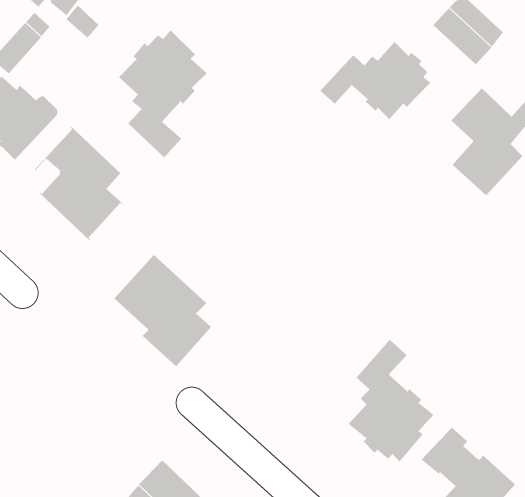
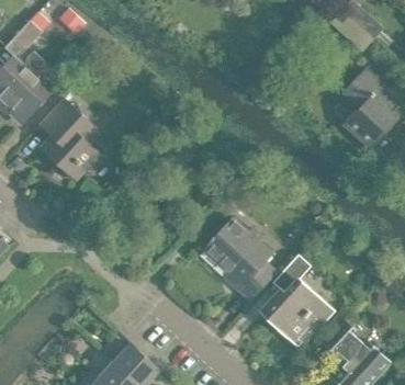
building: [118,29,208,158] -> none
building: [319,41,431,120] -> none
building: [114,254,212,367] -> [203,217,275,301]

